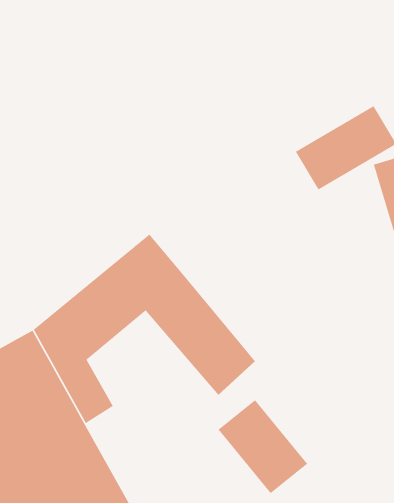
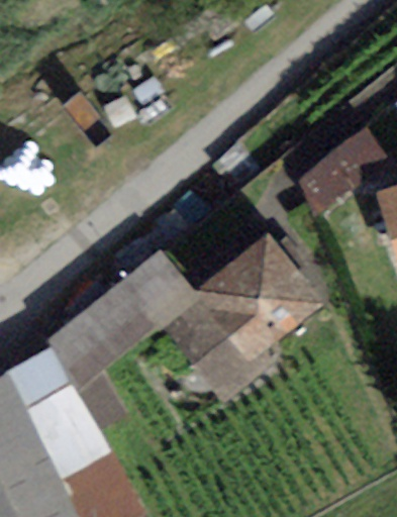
building: none -> [192,233,321,363]
building: [218,399,308,494] -> none

